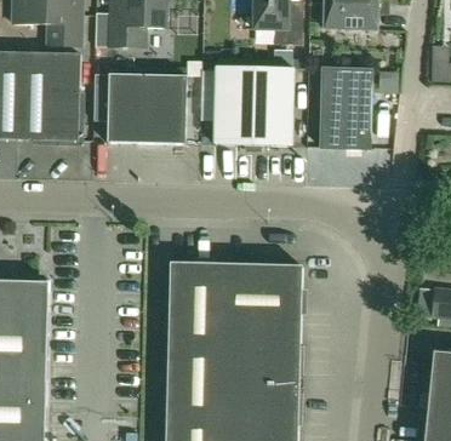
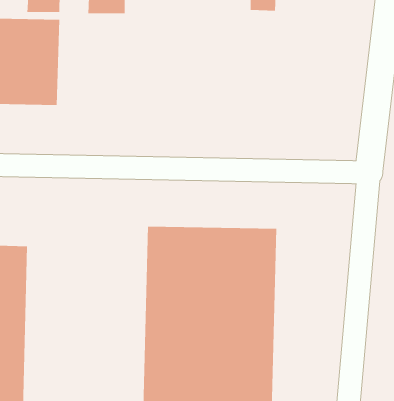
building: [201,64,293,145] -> none
building: [321,68,371,148] -> none
building: [108,73,187,143] -> none

